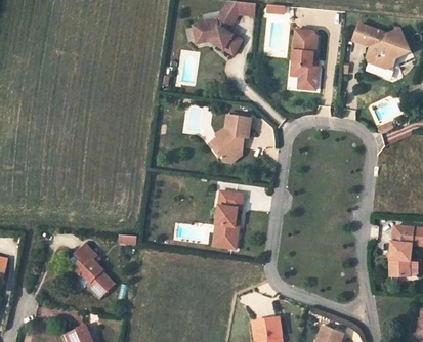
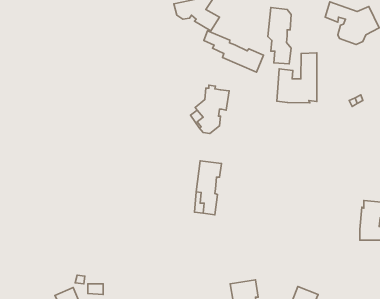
building: none -> [204,31,264,72]
building: none -> [277,53,317,103]
building: [68,244,114,298] -> none

